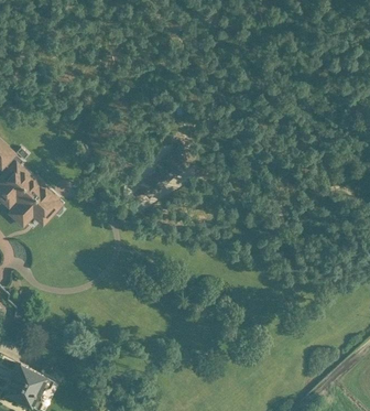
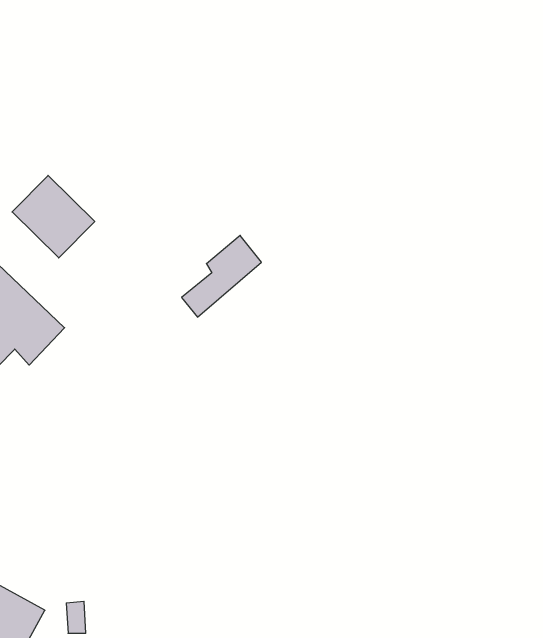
building: none -> [12,175,95,258]

